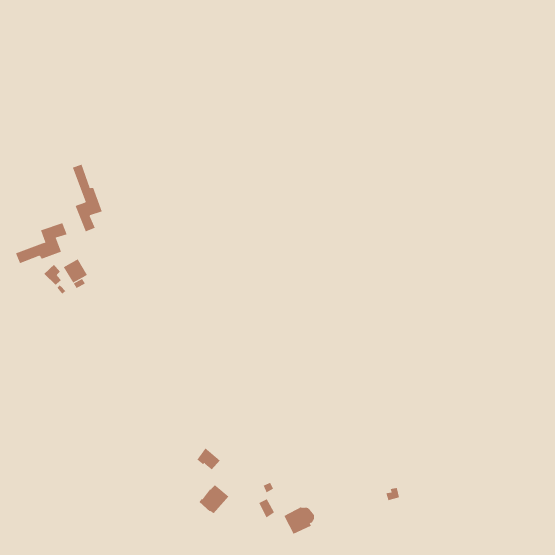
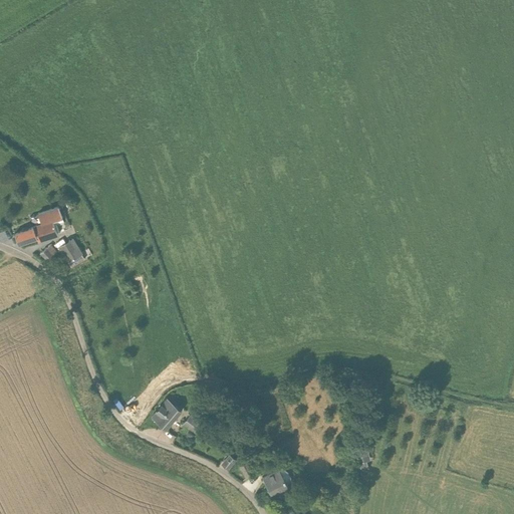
building: [72,164,102,232] -> none
building: [199,485,229,514] -> [152,401,180,428]

